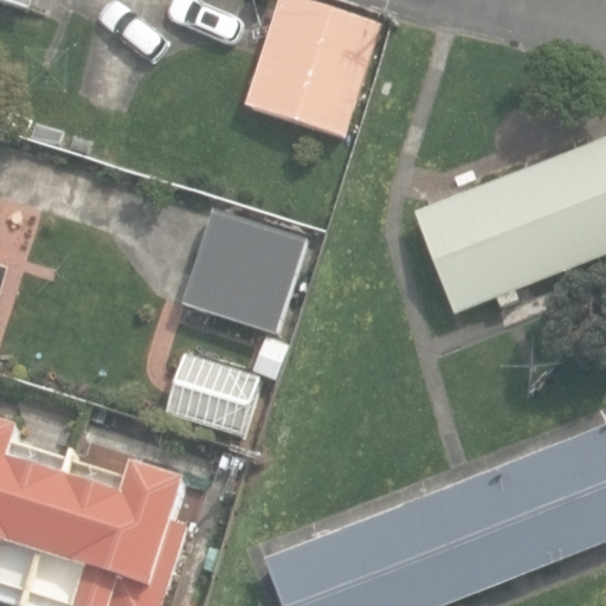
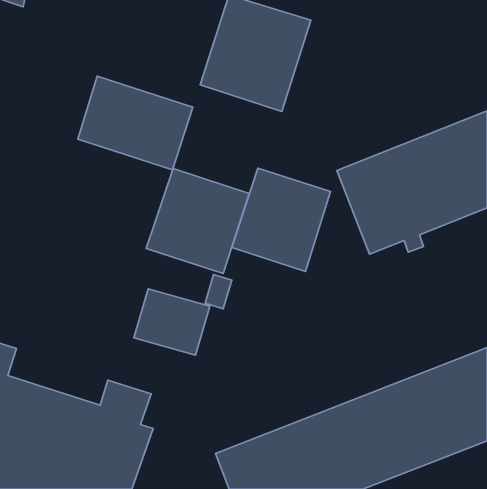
building: none -> [78,76,193,170]
building: none -> [232,168,330,272]

